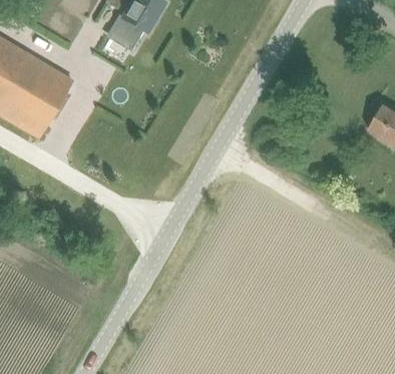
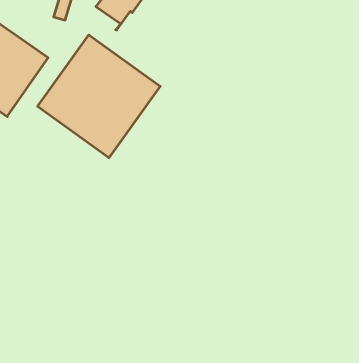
building: none -> [38,35,160,158]

